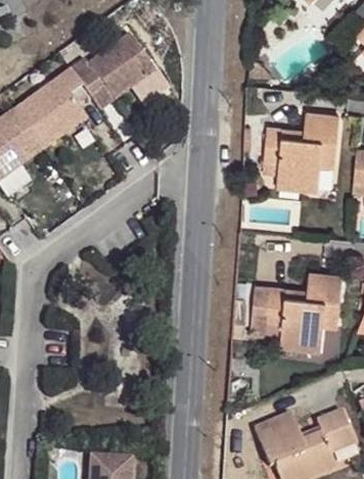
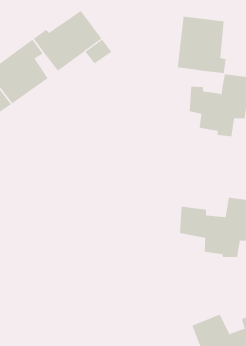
building: none -> [177,16,226,74]

